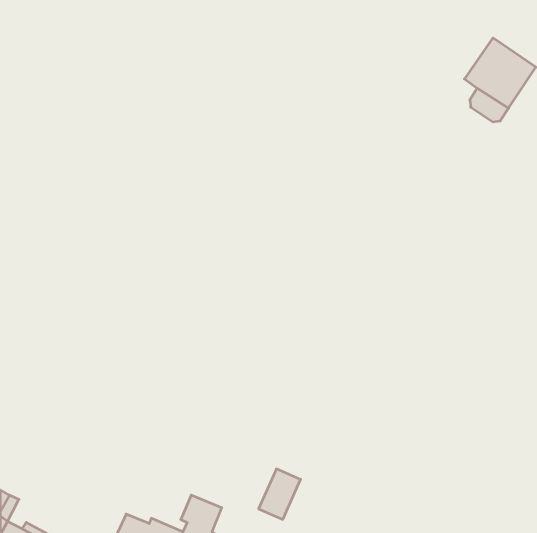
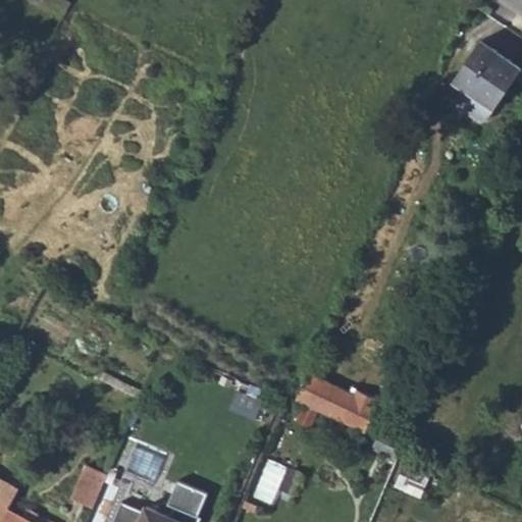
building: none -> [293,372,377,434]
building: none -> [74,466,108,509]

